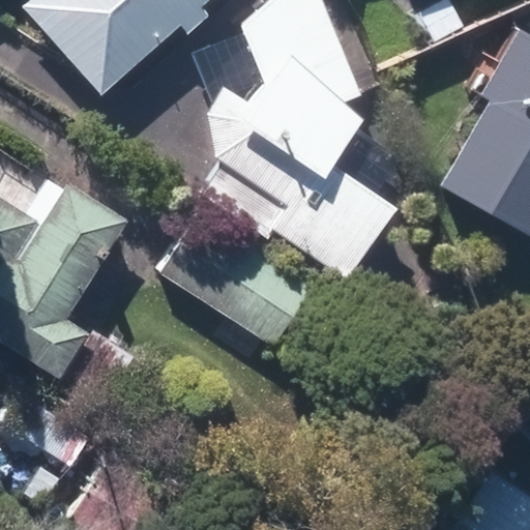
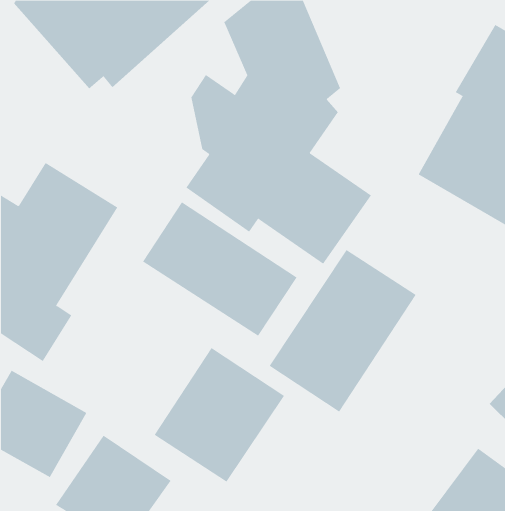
building: none -> [269,249,416,412]
building: none -> [154,347,285,483]

